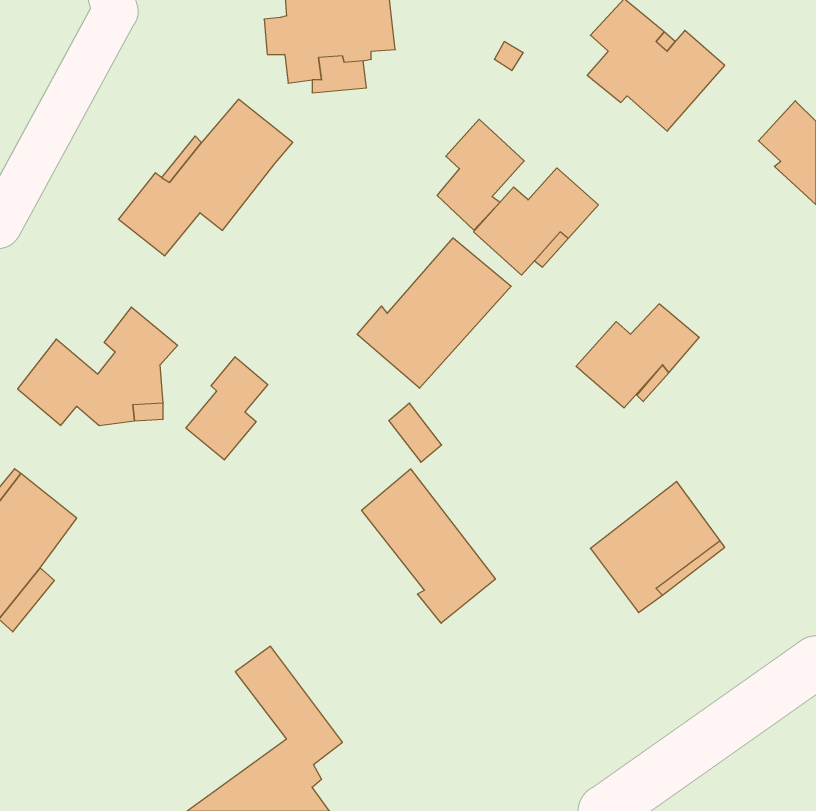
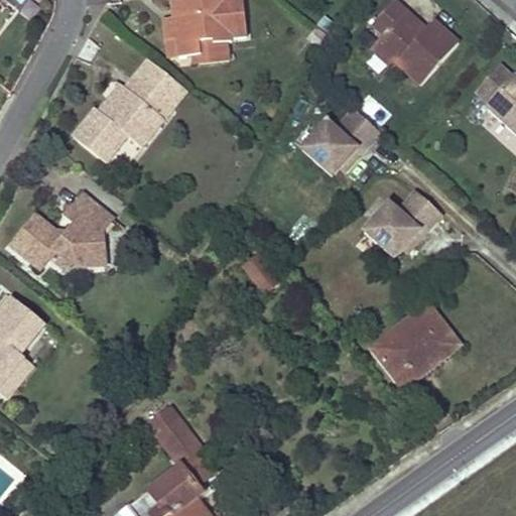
building: [437,119,524,230] -> none
building: [357,238,511,388] -> none
building: [186,357,268,460] -> none
building: [362,469,495,623] -> none

